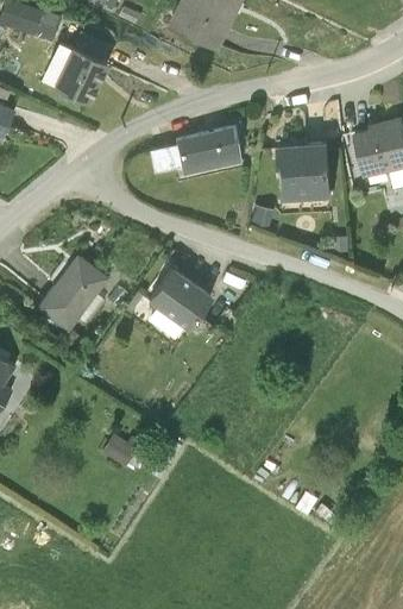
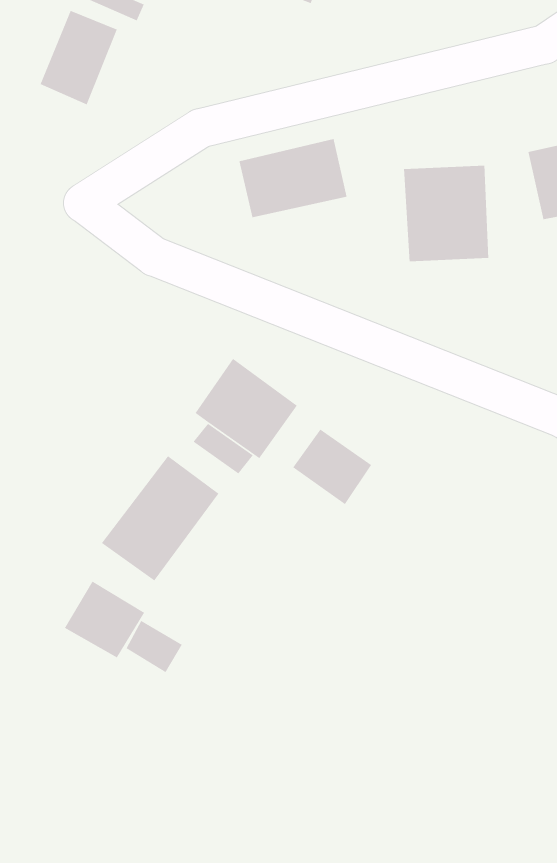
building: [34,252,108,331] -> [101,455,220,581]
building: none -> [292,429,372,505]
building: none -> [64,581,145,659]

